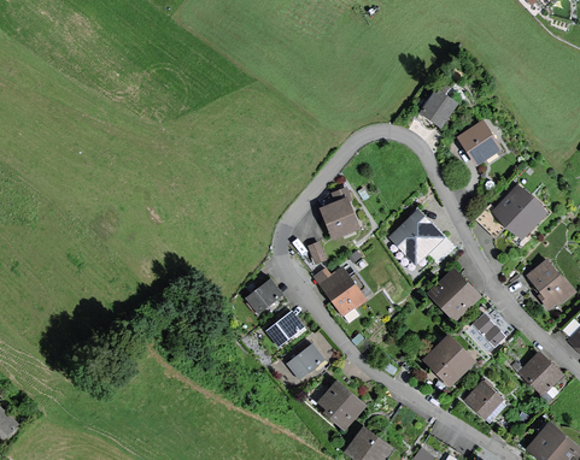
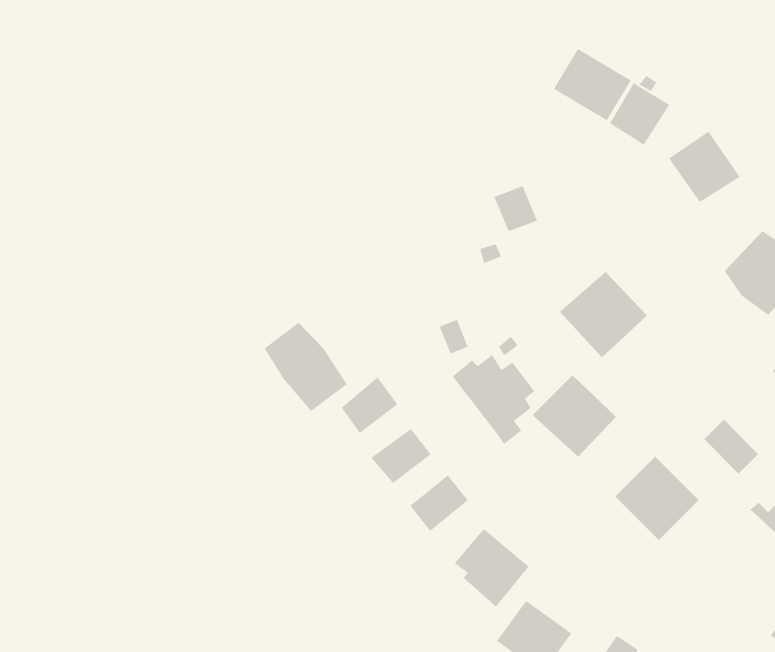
building: none -> [553,48,631,121]
building: [323,206,352,236] -> [493,186,538,232]
building: none -> [264,322,347,412]
building: [426,267,481,322] -> [532,374,617,458]
building: [467,379,506,419] -> none

